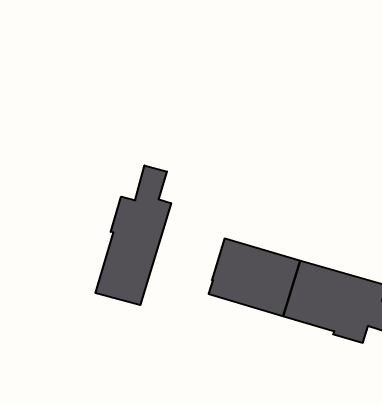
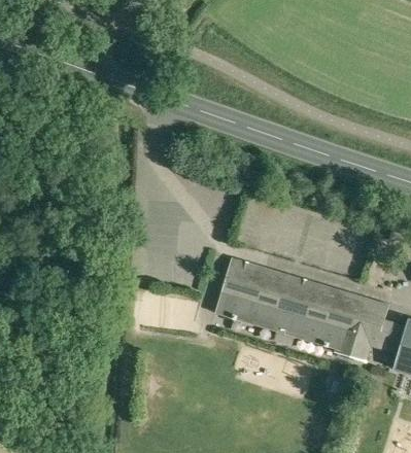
building: [95,165,171,305] -> none

